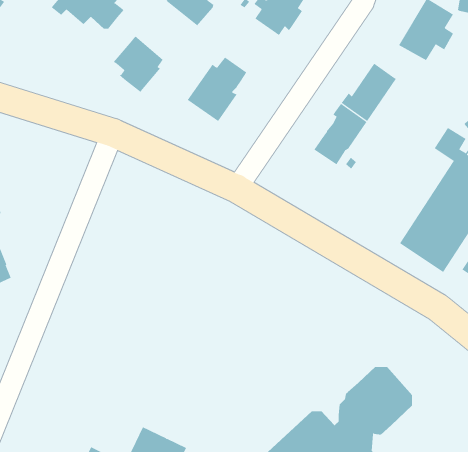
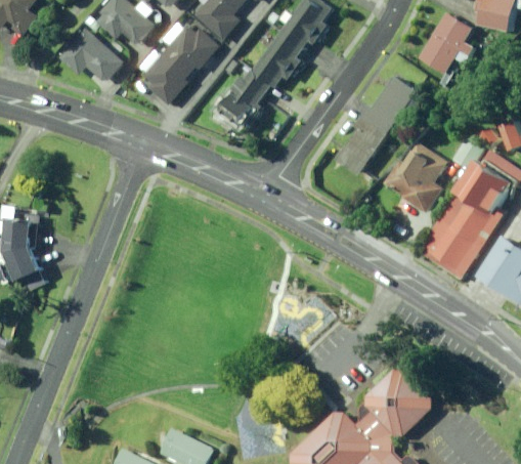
building: none -> [163,24,219,72]
building: none -> [56,27,123,80]
building: none -> [251,32,302,86]
building: none -> [383,141,446,213]

